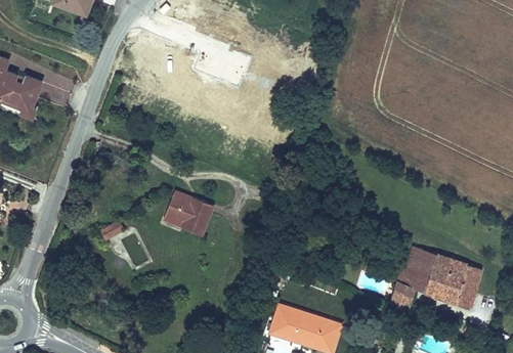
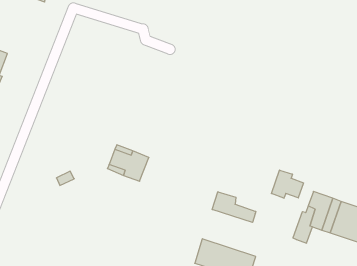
building: none -> [271,170,303,198]
building: none -> [212,192,256,222]

